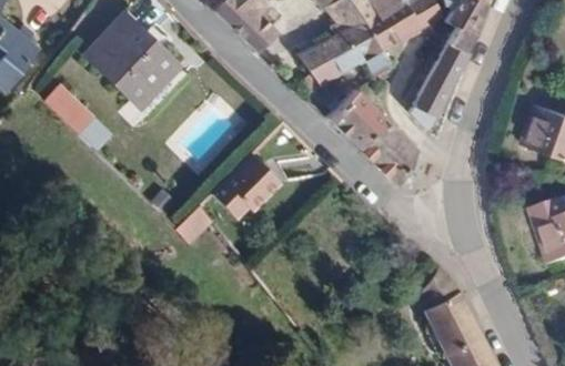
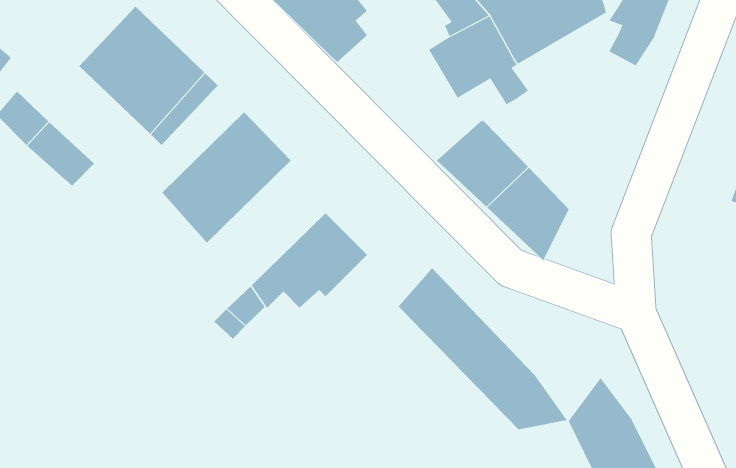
building: [299,42,342,85] -> none
building: [411,43,468,131] -> none
building: none -> [161,112,291,244]
building: none -> [398,267,568,430]

